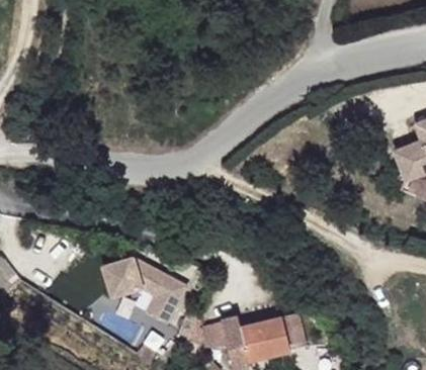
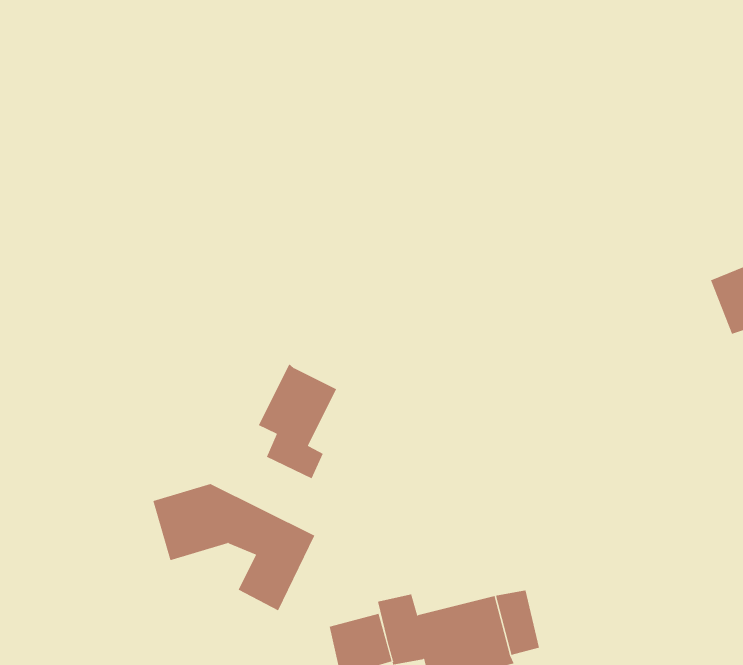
building: none -> [258,363,337,479]

